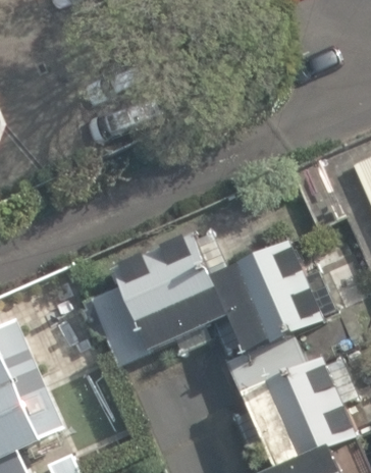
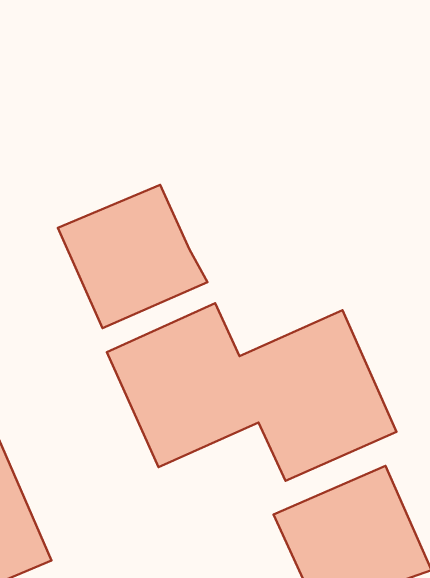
building: none -> [58,185,208,328]

